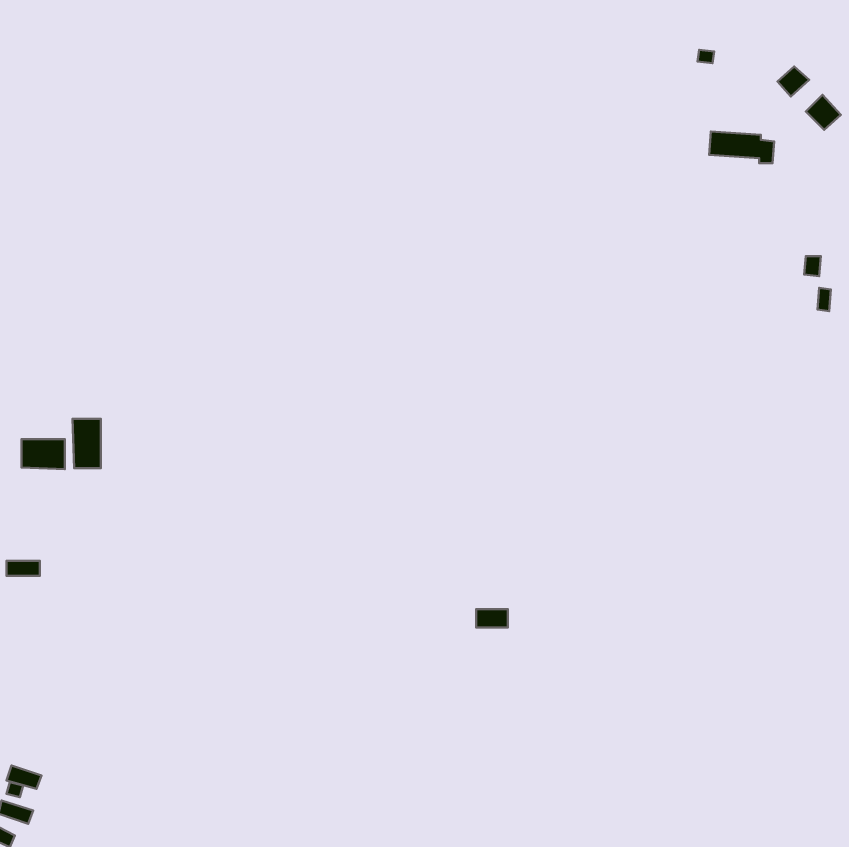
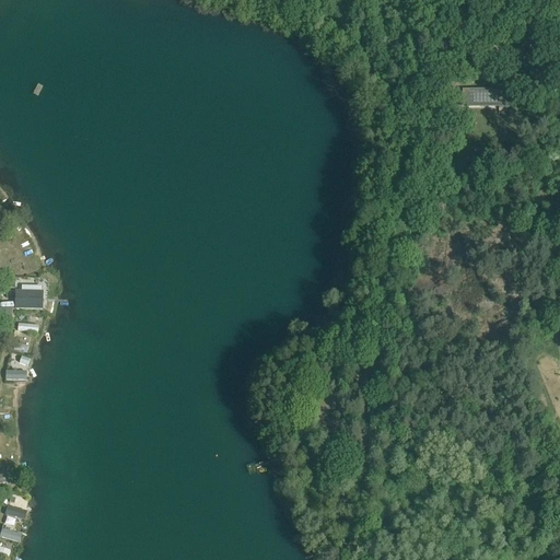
building: [73,419,101,468] -> none

